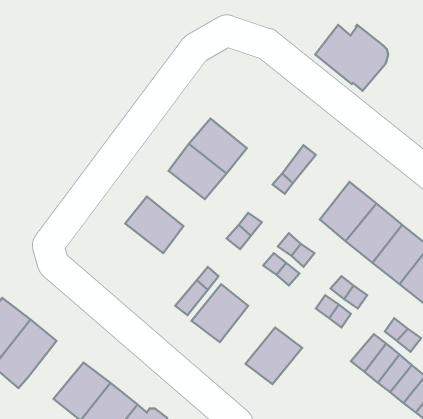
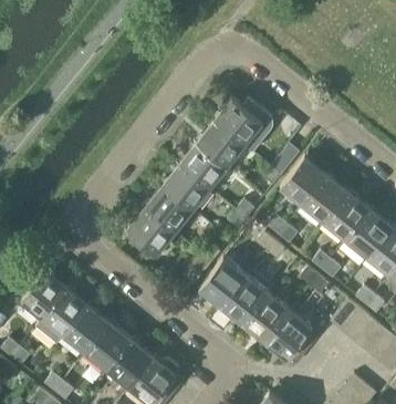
building: [315,25,388,91] -> [213,99,273,153]
building: none -> [280,156,327,206]
building: none -> [161,166,209,211]
building: none -> [126,209,175,256]
building: none -> [221,277,267,324]
building: none -> [64,305,110,353]
building: none -> [264,311,311,360]

